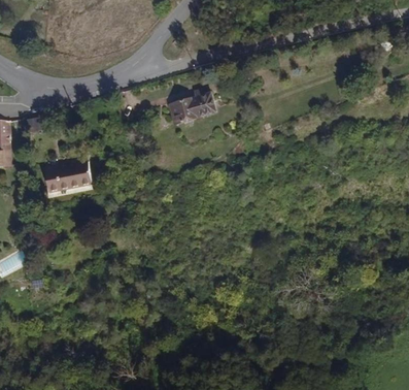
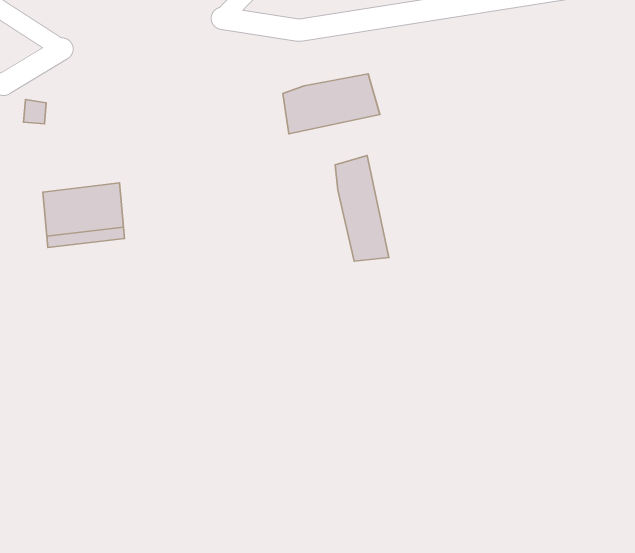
building: none -> [335,155,389,261]

